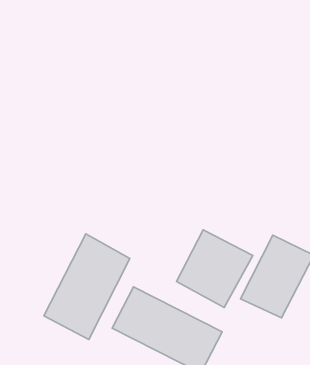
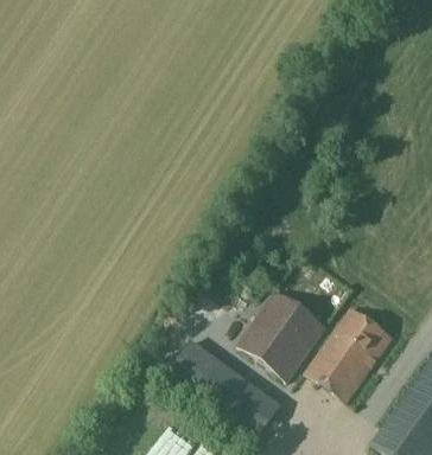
building: [44,234,130,340] -> none

